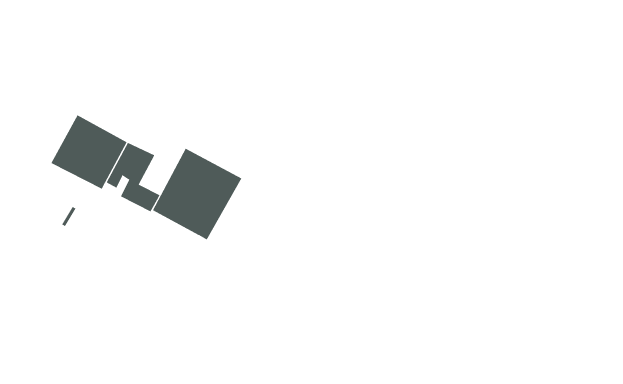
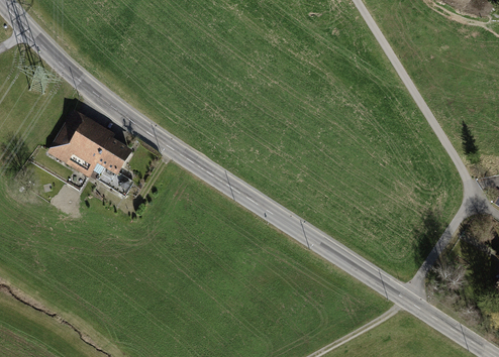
building: [152,148,242,240] -> none

